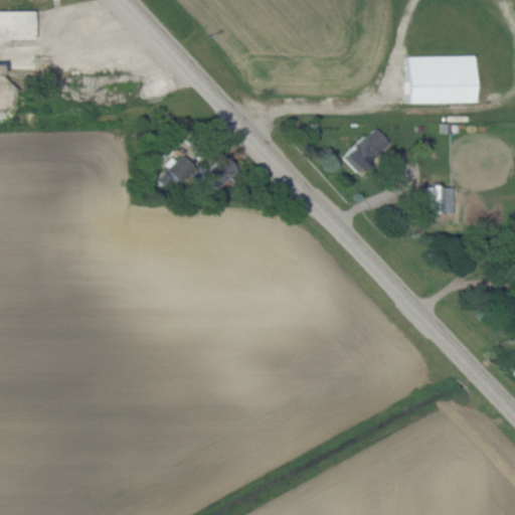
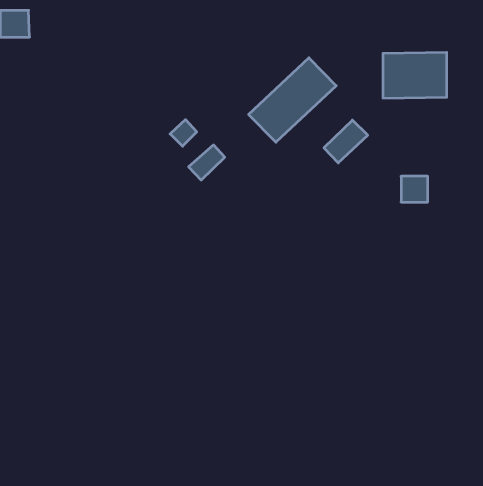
building: none -> [249,58,336,142]
building: [169,156,197,184] -> [170,120,197,146]

